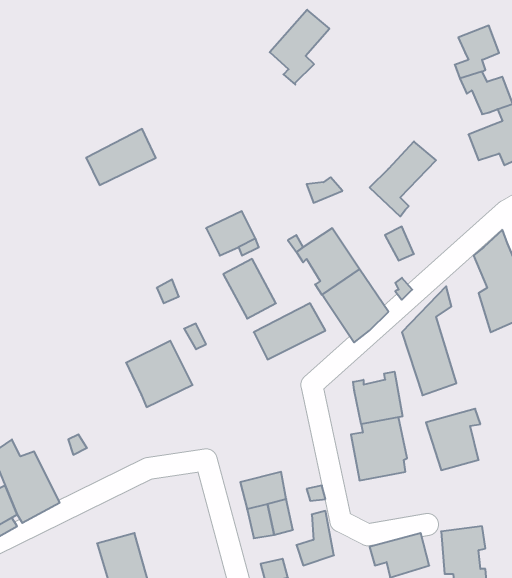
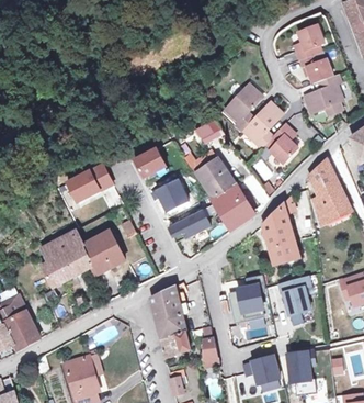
building: [270,10,329,85] -> [224,83,262,132]
building: [86,129,156,185] -> [67,163,112,199]
building: none -> [263,125,296,164]
building: none -> [44,228,93,284]
building: [353,372,402,424] -> none
building: none -> [151,286,183,321]

